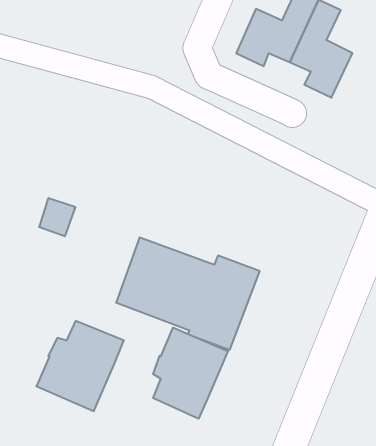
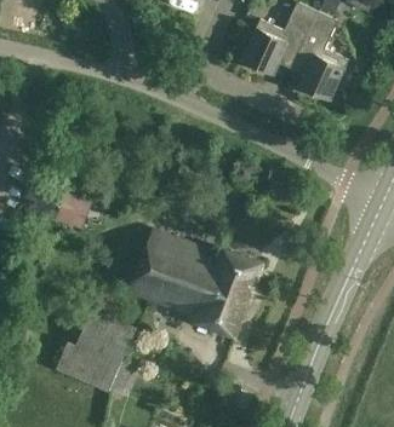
building: [153,328,228,419] -> none

